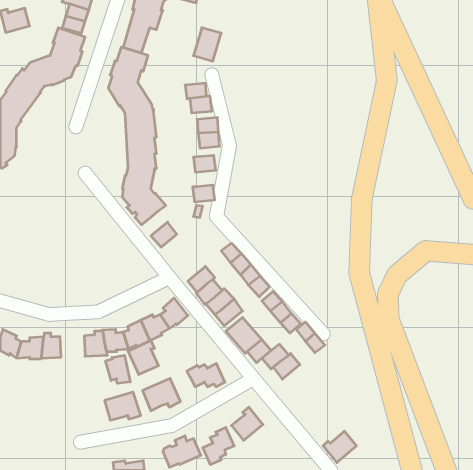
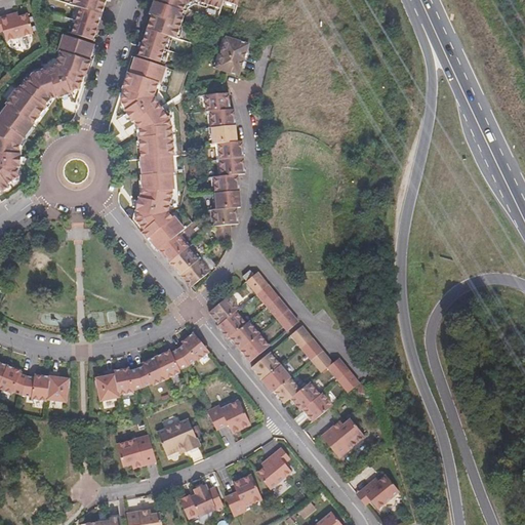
building: none -> [216,189,240,207]
building: none -> [157,234,186,261]
building: none -> [178,257,208,287]
building: [128,340,158,375] -> none
building: [106,355,130,383] -> none
building: none -> [322,416,365,456]

